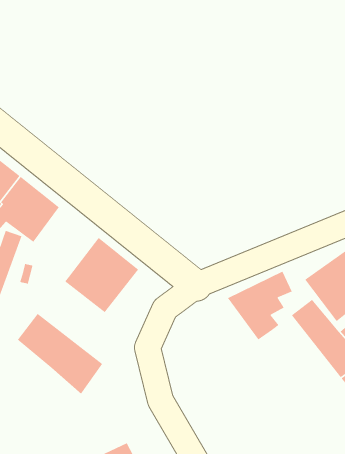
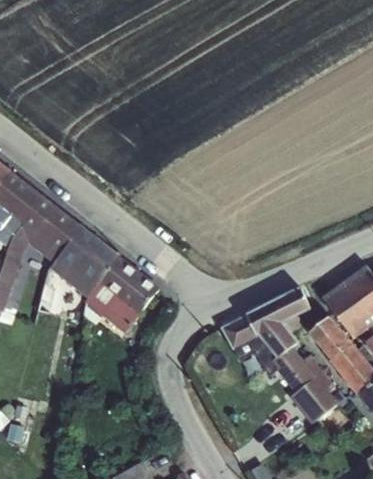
building: none -> [51,226,118,294]
building: none -> [219,315,336,424]
building: [17,313,103,395] -> none

